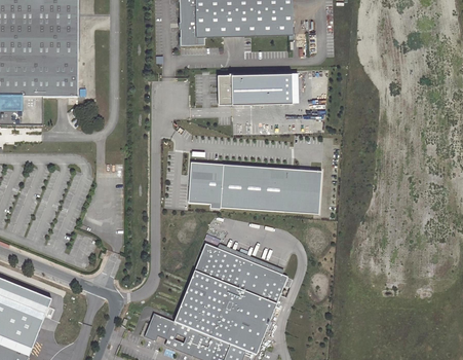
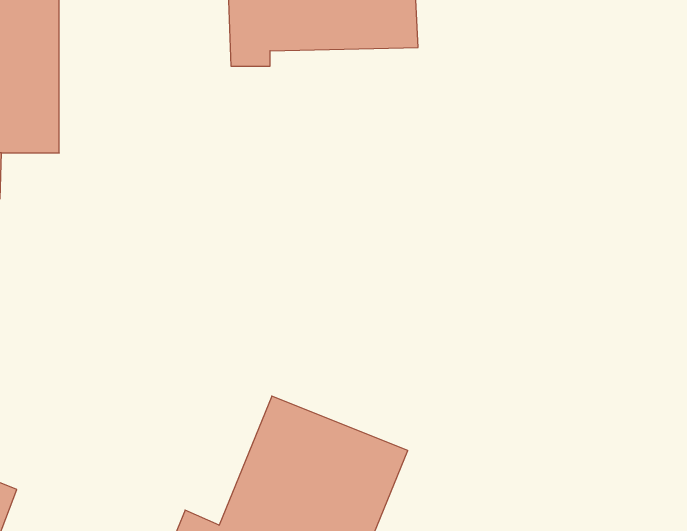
building: [218,72,299,104] -> none
building: [189,163,322,215] -> none

